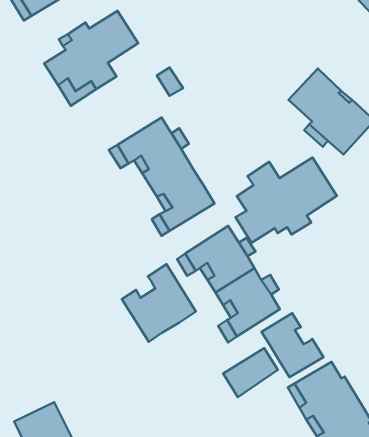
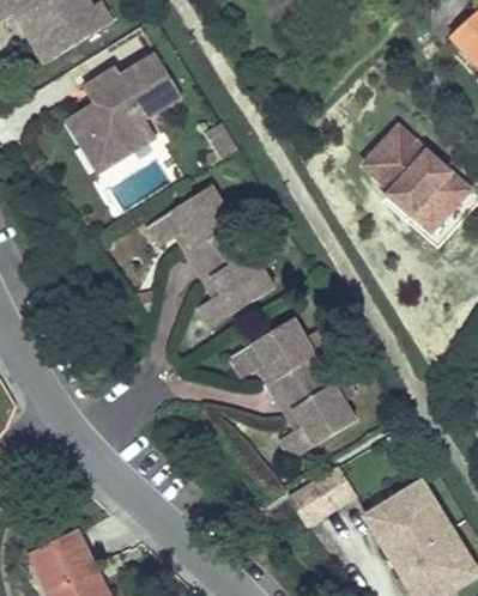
building: [235,157,337,243] -> none
building: [122,264,196,342] -> none
building: [262,313,324,377] -> none

